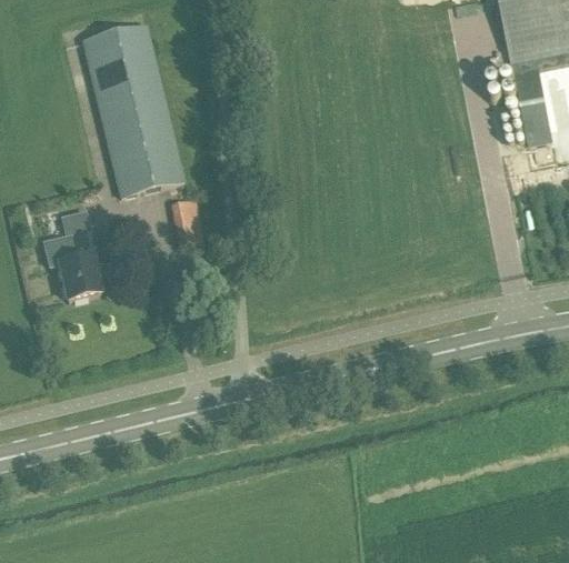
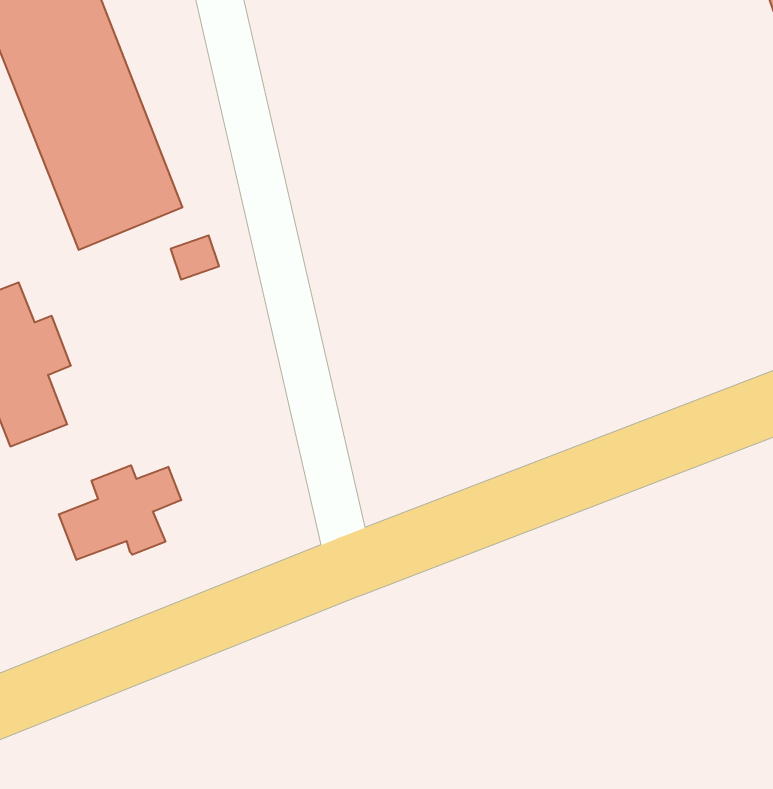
building: none -> [59,465,181,560]

